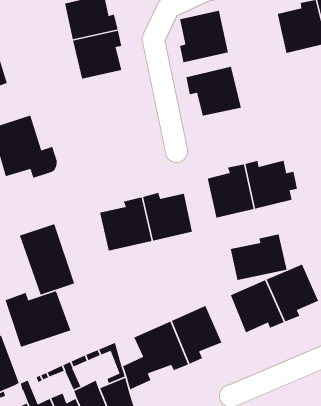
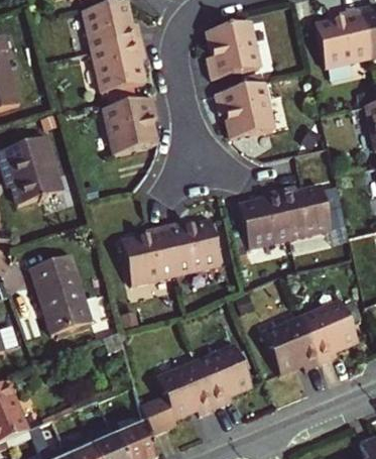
building: none -> [103,98,158,154]
building: [230,234,287,281] -> none
building: [4,290,72,348] -> none

